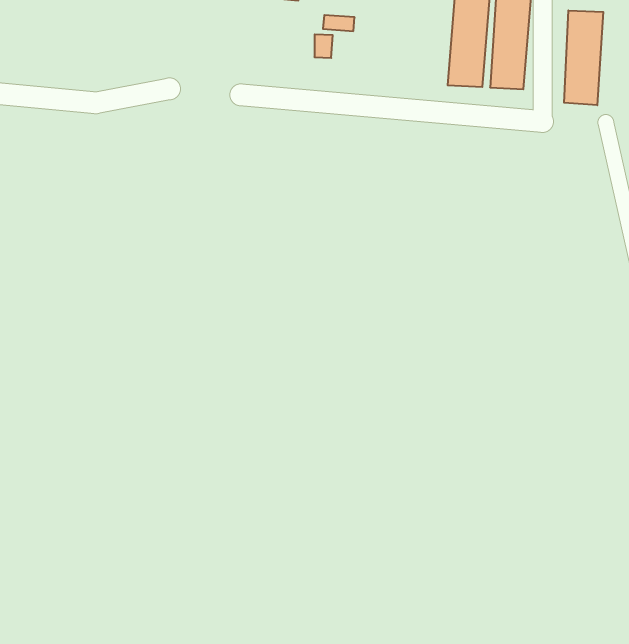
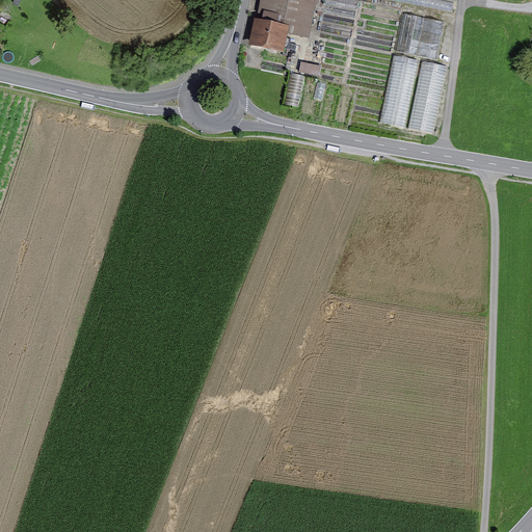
building: [564,10,603,105] -> none

